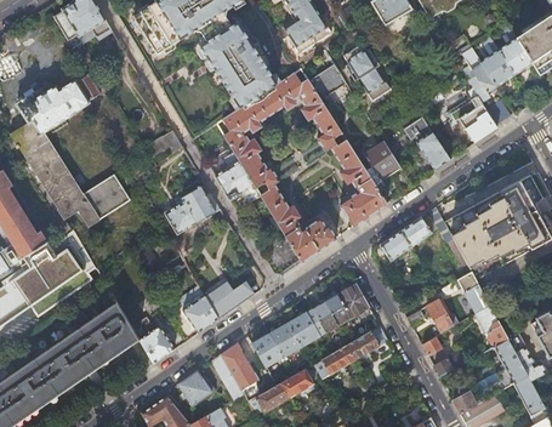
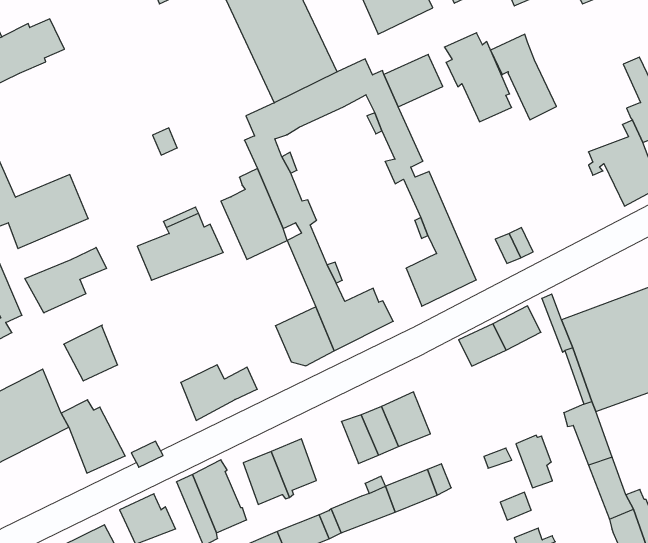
building: [404,115,451,170] -> [490,34,556,120]
building: [364,141,399,177] -> none
building: none -> [25,247,106,313]
building: [182,295,218,332] -> [64,325,118,381]
building: [288,307,326,347] -> none

